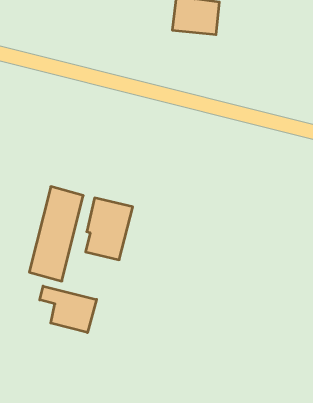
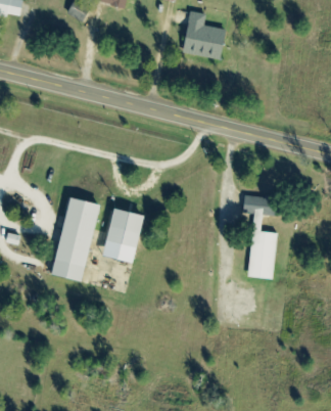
building: none -> [239,193,279,278]
building: [40,286,97,333] -> none

